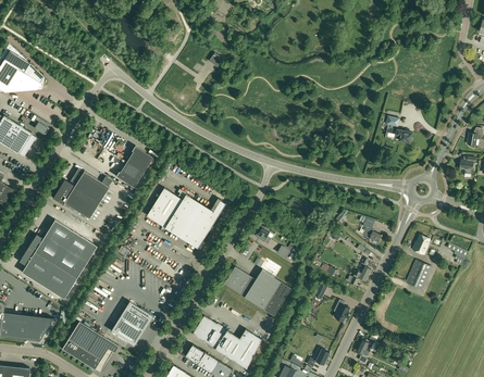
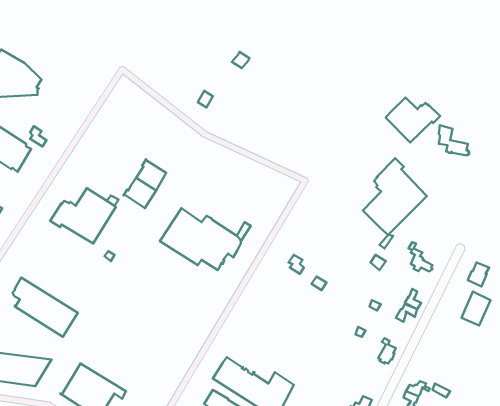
building: none -> [386,97,440,142]
building: none -> [363,158,427,235]
building: [27,219,97,278] -> none
building: [224,269,283,310] -> none
building: [111,302,153,347] -> none

